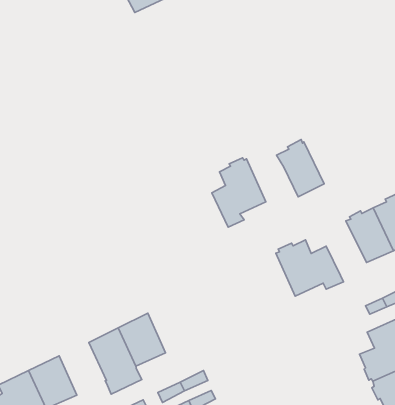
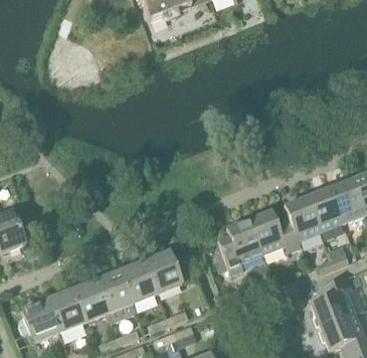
building: [277,140,324,197] -> [284,195,320,240]
building: [212,158,266,227] -> [219,218,261,273]
building: none -> [144,251,181,293]
building: none -> [71,281,108,322]

